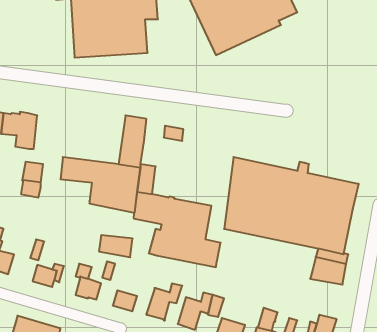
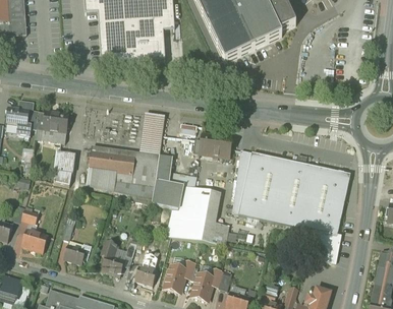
building: none -> [199,132,232,157]
building: [99,235,133,257] -> [87,169,116,188]

